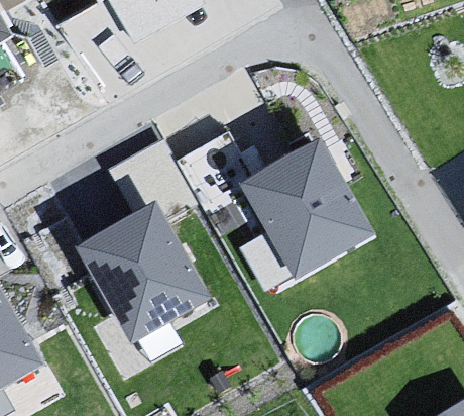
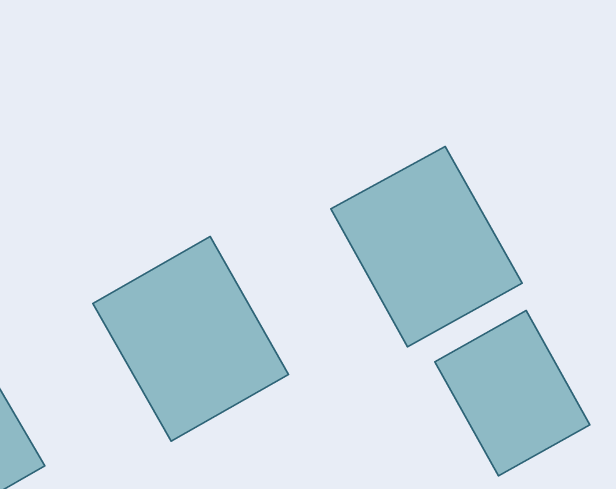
building: none -> [435,311,590,476]

